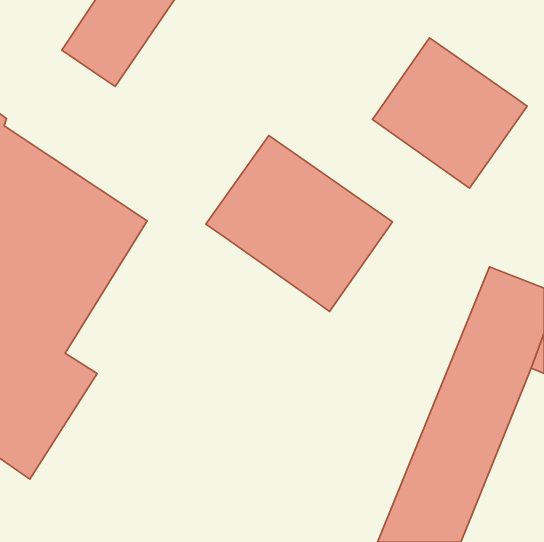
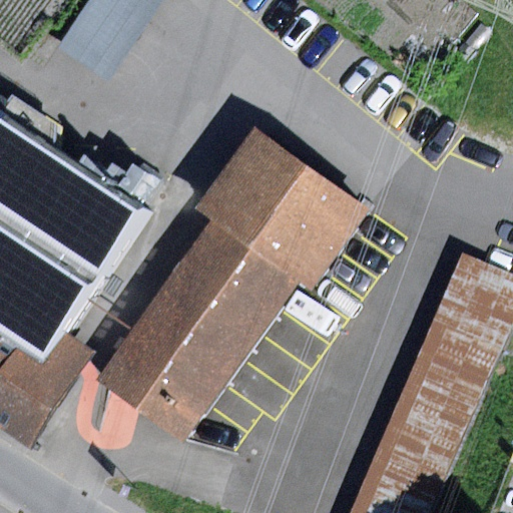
building: [373,38,527,188] -> none
building: none -> [98,222,296,441]

